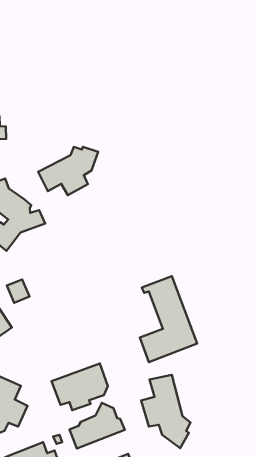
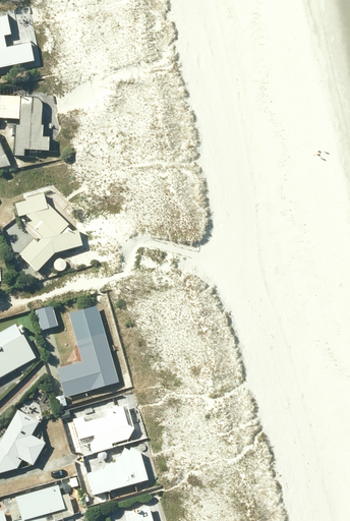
building: [38,147,98,195] -> none
building: [140,276,197,362] -> [57,304,118,395]
building: [141,375,190,448] -> none

